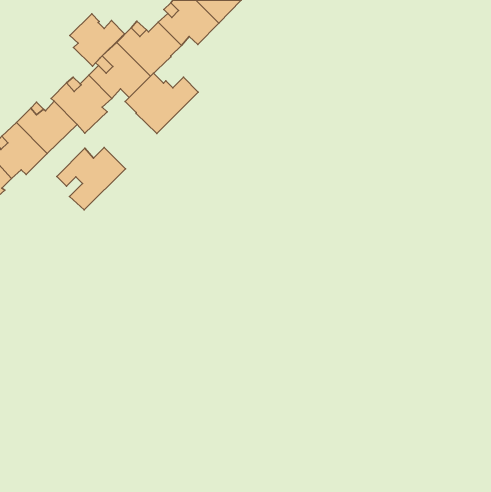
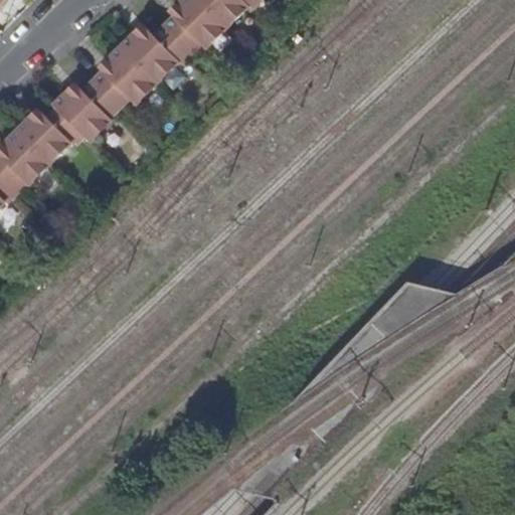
building: [70,14,125,66] -> none
building: [125,73,198,133] -> none
building: [57,147,125,210] -> none

